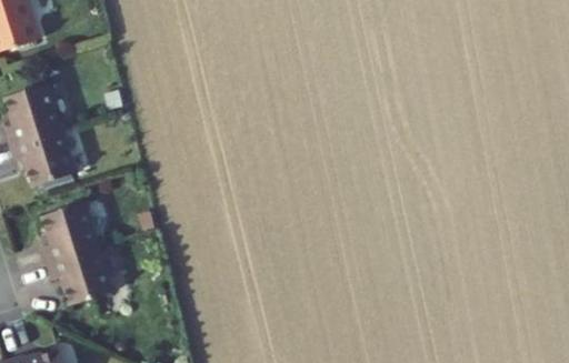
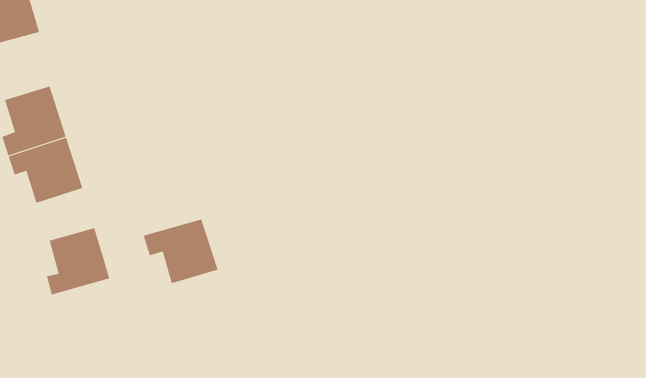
building: [48,249,113,305] -> [143,219,218,284]

